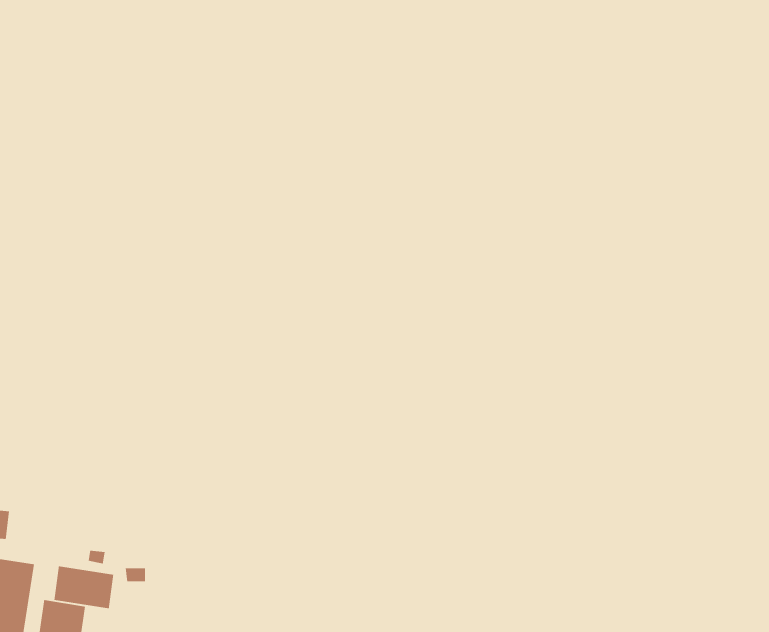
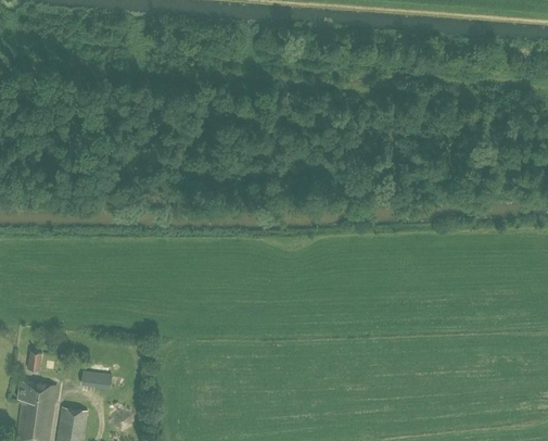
building: [54,566,114,609] -> none

